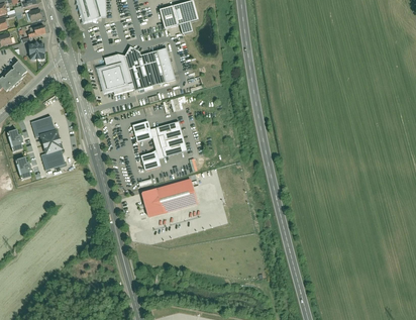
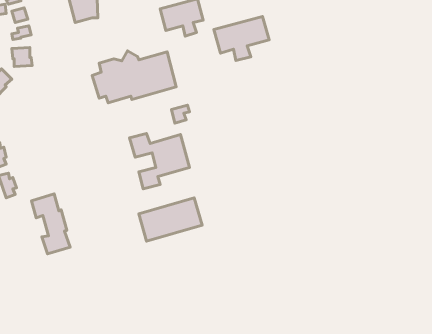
building: none -> [214,16,269,61]
building: [31,116,66,170] -> [32,194,70,254]

